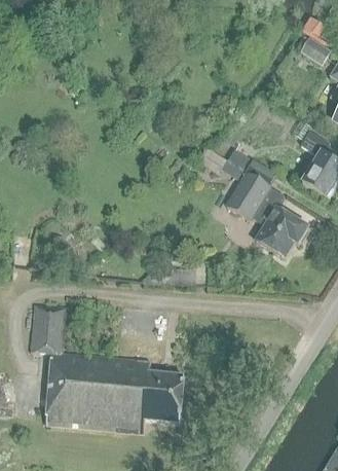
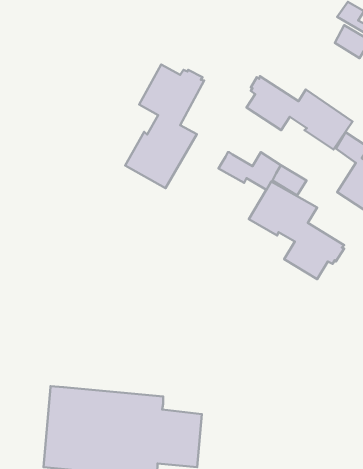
building: none -> [125,64,204,188]
building: none -> [246,76,353,150]
building: [30,302,66,352] -> none

